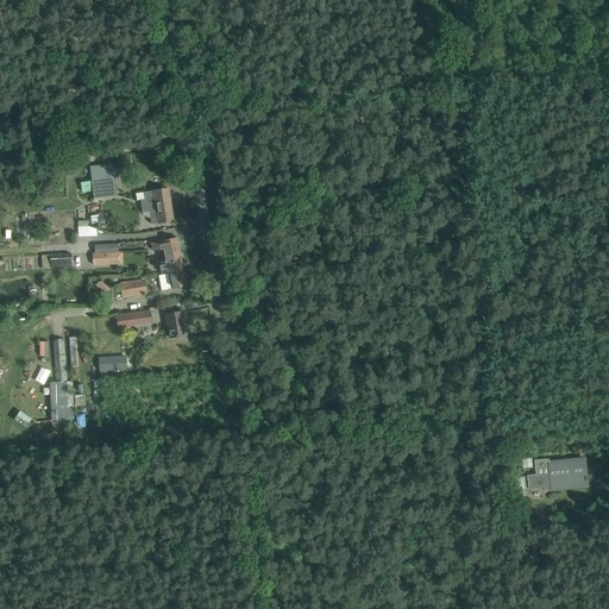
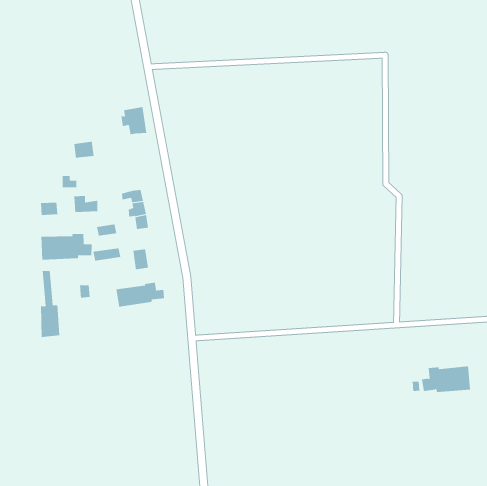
building: [139,187,172,222] -> [120,106,147,135]
building: none -> [41,233,92,260]
building: none -> [116,282,164,307]

